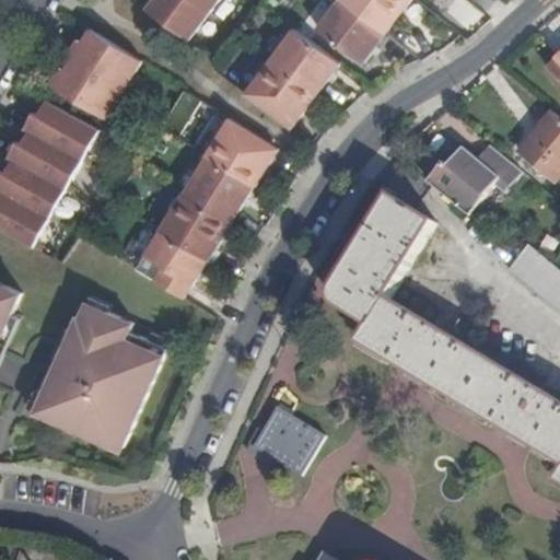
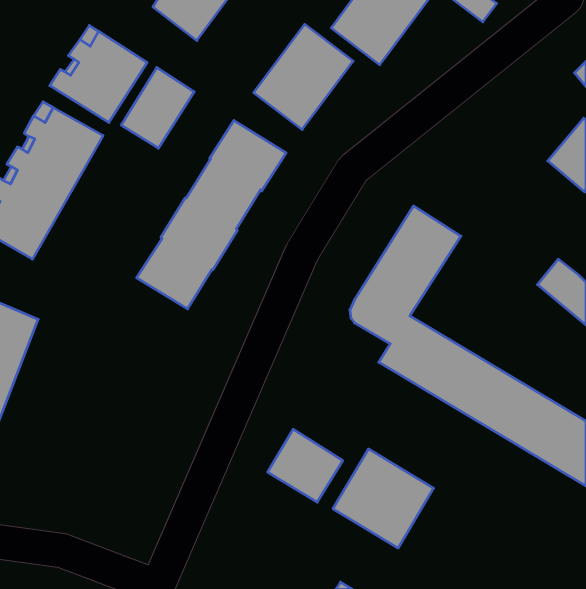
building: none -> [121,67,194,148]
building: [427,147,520,215] -> none
building: [48,310,187,447] -> none
building: none -> [333,449,434,548]

